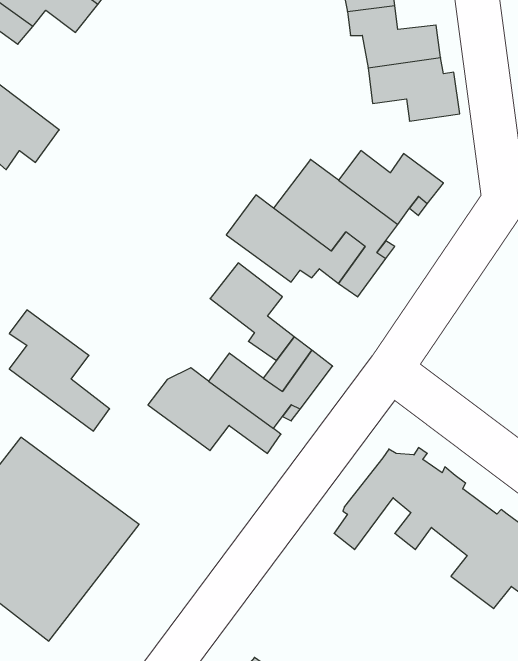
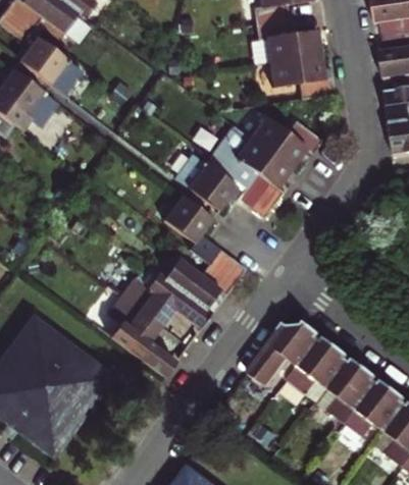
building: none -> [25,43,83,95]
building: [9,310,110,431] -> [107,293,176,377]

